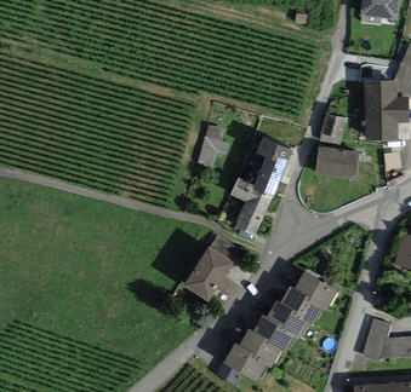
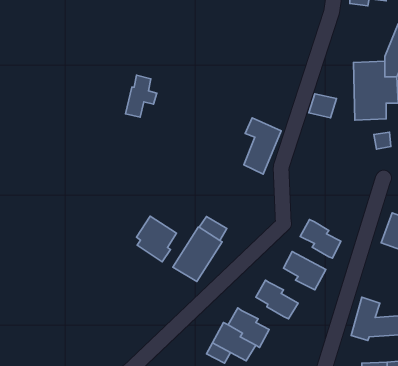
building: [198,123,229,166] -> [126,75,157,117]
building: [315,145,360,179] -> none
building: [230,177,274,235] -> none
building: none -> [137,216,177,262]
building: [280,286,321,324] -> [300,220,341,258]
building: [252,315,295,353] -> none

